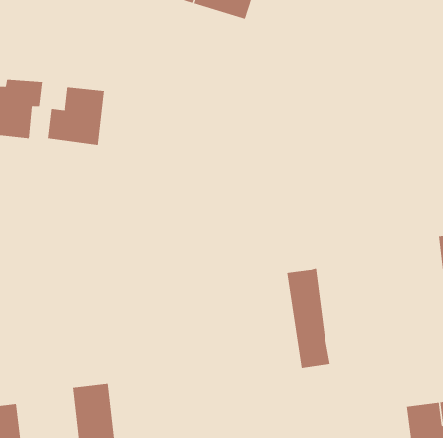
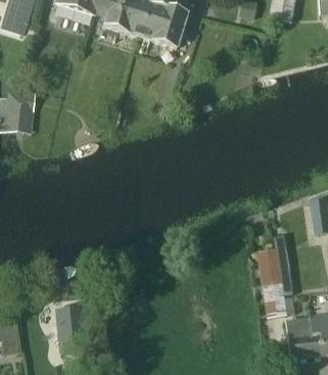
building: [47,86,104,146] -> none
building: [286,268,330,368] -> [257,245,288,316]

